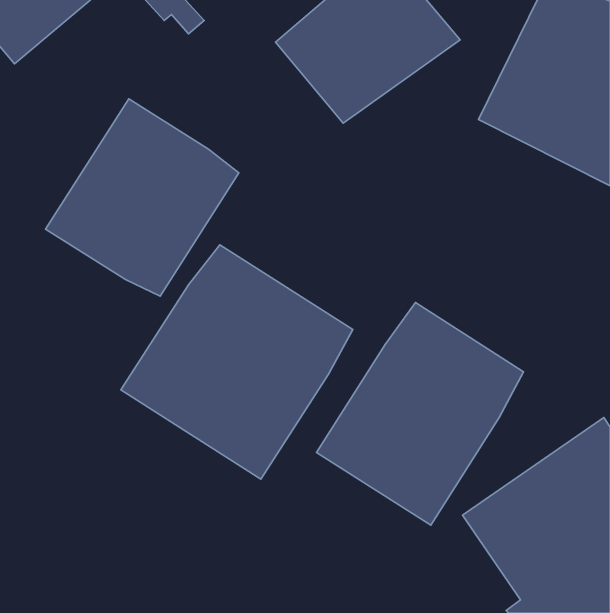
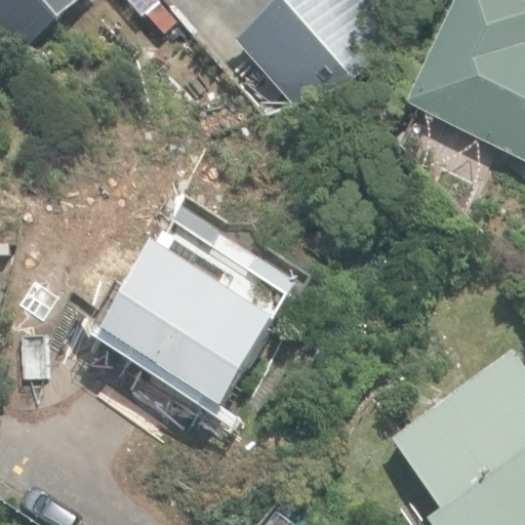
building: [45,99,239,296] -> none
building: [317,303,524,525] -> none

